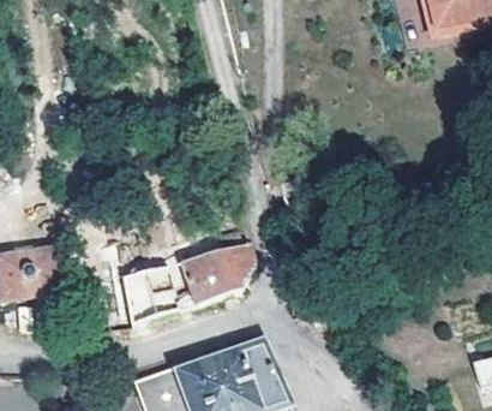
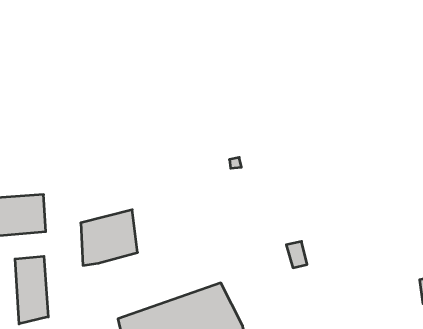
building: [173,243,250,306] -> none
building: none -> [15,256,48,324]

